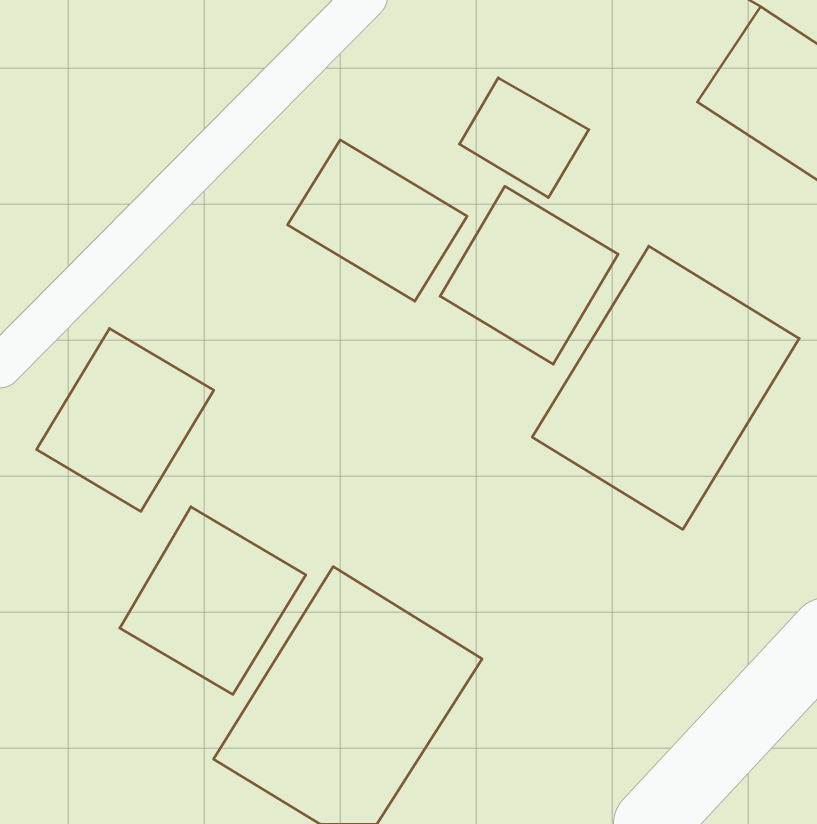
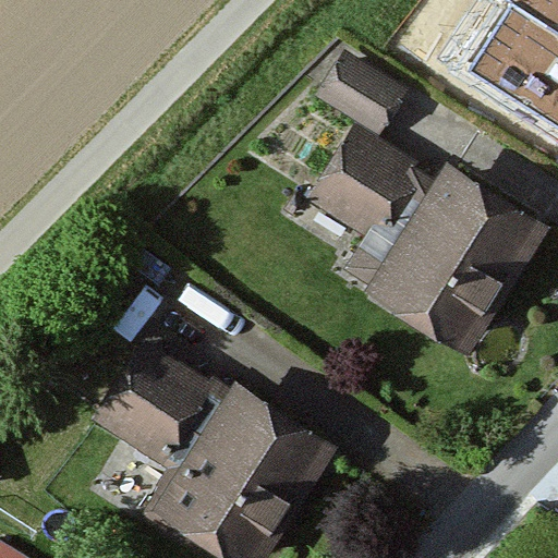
building: [288,140,467,301] -> none
building: [37,328,214,511] -> none

